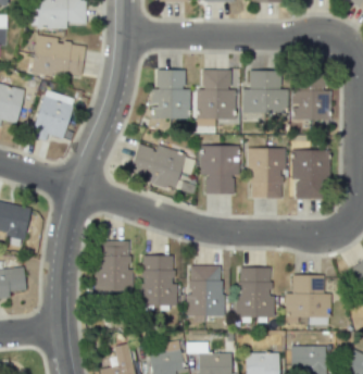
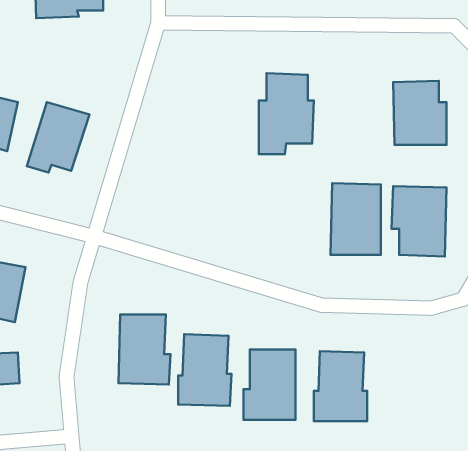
building: [32,36,86,77] -> none
building: [152,68,190,119] -> none
building: [242,70,289,112] -> none
building: [130,142,186,189] -> none
building: [201,145,239,194] -> none
building: [286,274,331,323] -> none

